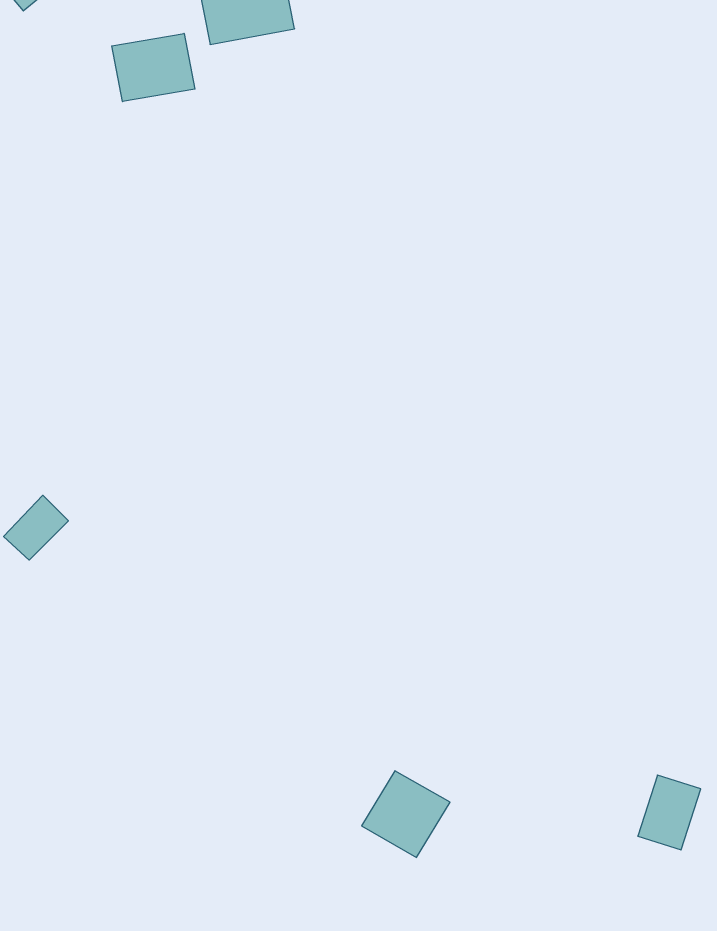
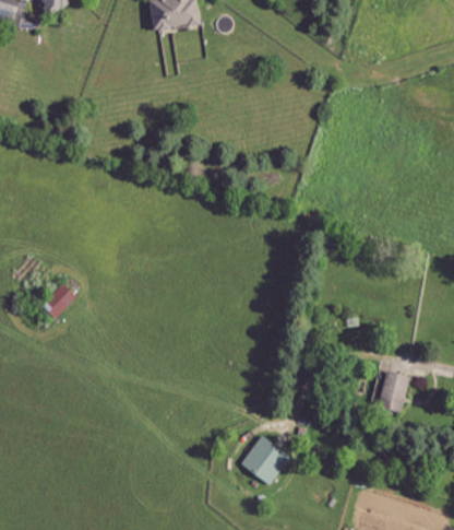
building: [112,33,195,102] -> none
building: [638,775,701,850] -> [377,369,411,411]

